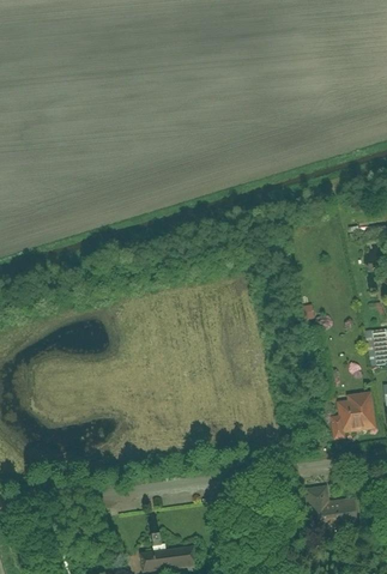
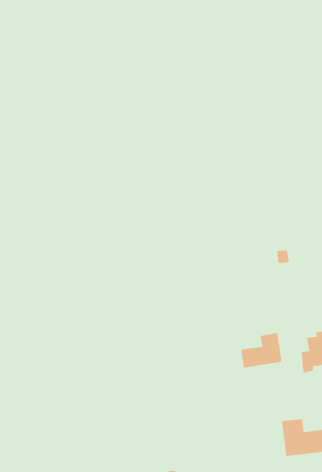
building: none -> [241,332,283,369]

